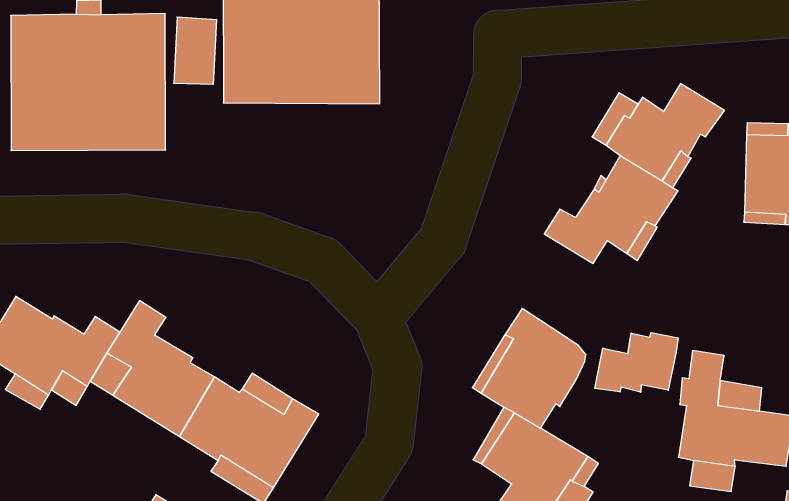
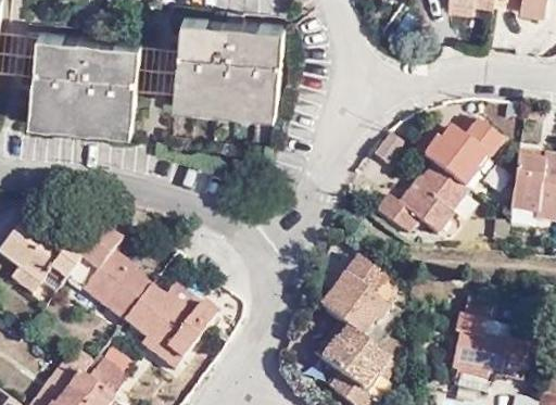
building: [595,333,678,392] -> none

